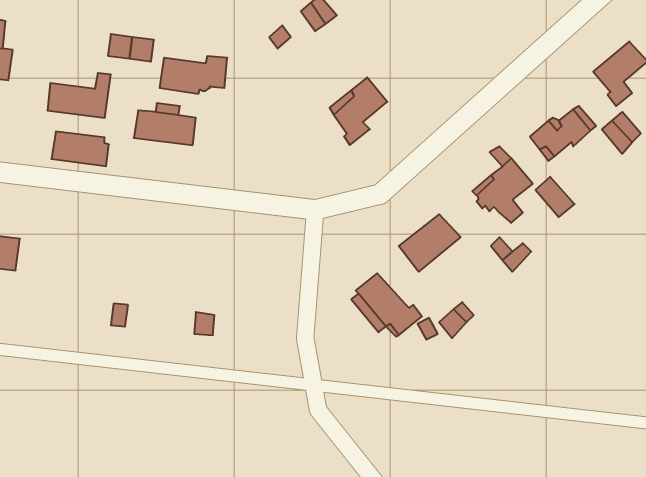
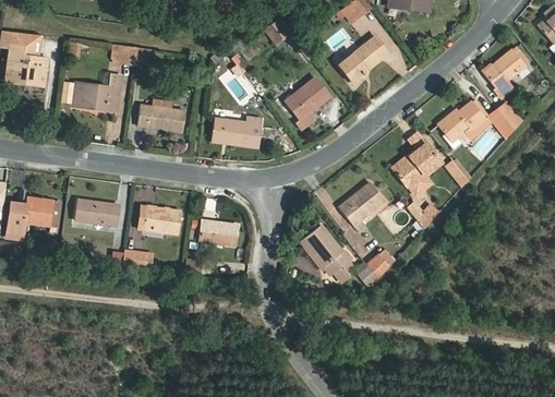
building: none -> [337,37,387,83]
building: [160,56,227,94] -> [210,117,262,145]
building: [51,132,109,166] -> [73,200,117,226]
building: none -> [138,205,176,233]
building: none -> [198,220,234,246]

